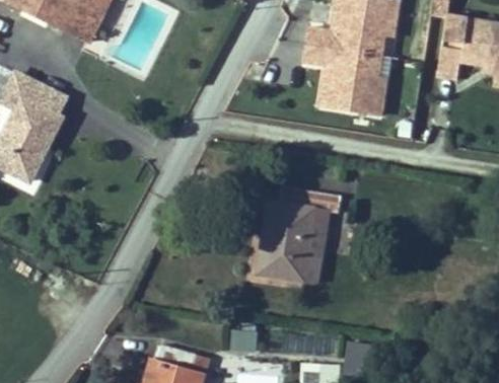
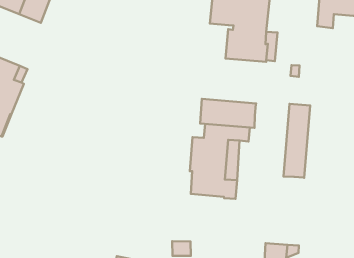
building: none -> [200,99,256,128]
building: none -> [284,104,310,178]

